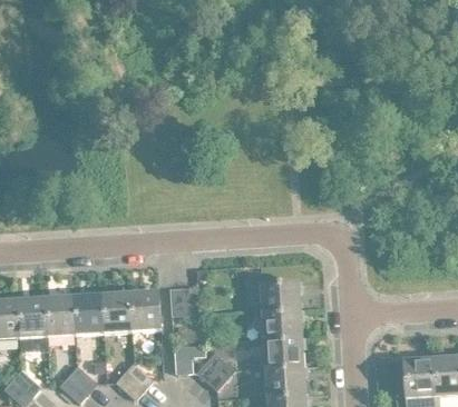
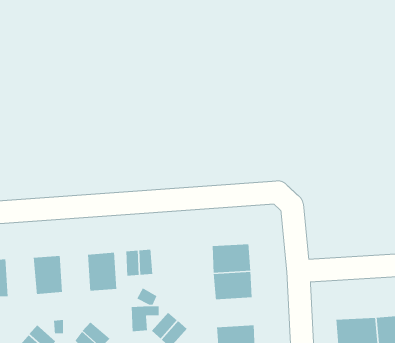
building: [101,292,131,332] -> none
building: [45,296,76,337] -> none
building: [263,338,304,368] -> none

